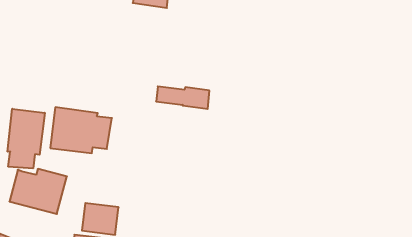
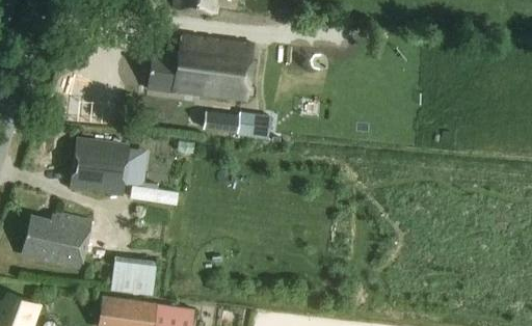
building: none -> [147,33,254,100]
building: [8,109,45,168] -> none

